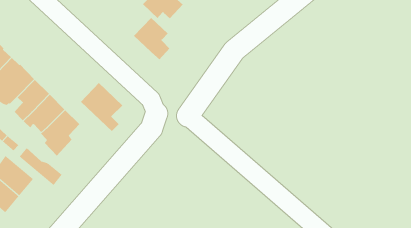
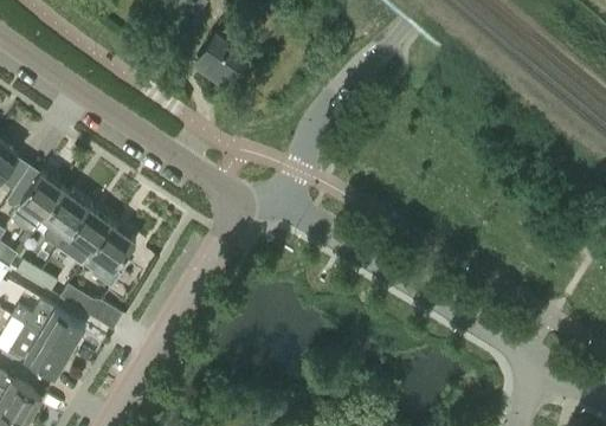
building: [133,17,170,60] -> none
building: [80,82,123,132] -> none

